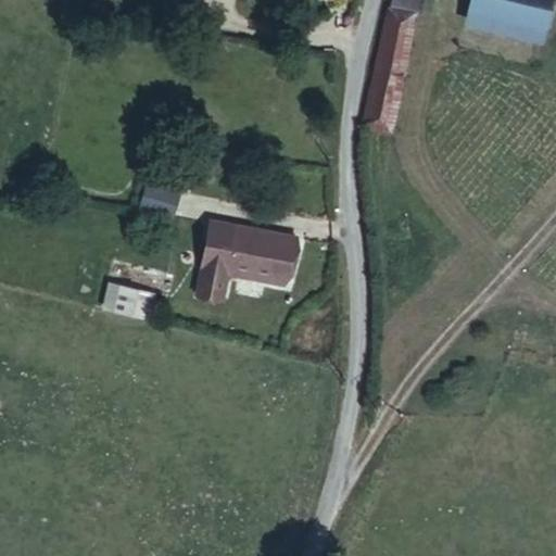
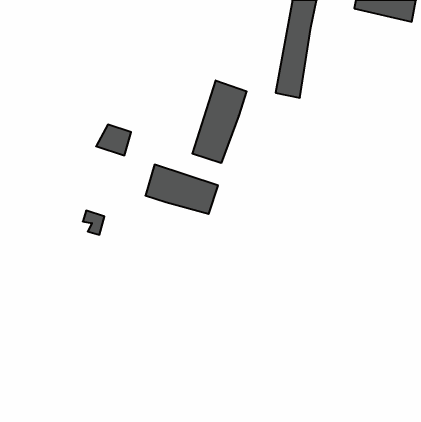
building: none -> [192,80,247,163]
building: [186,261,224,301] -> none

